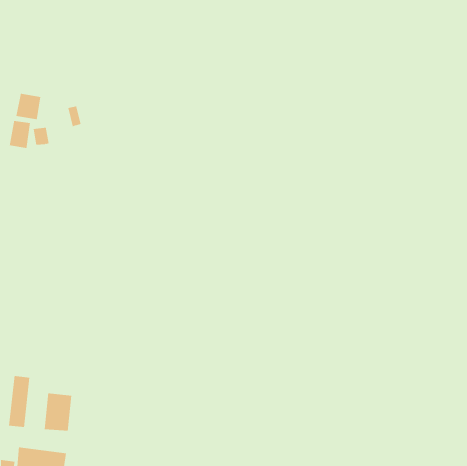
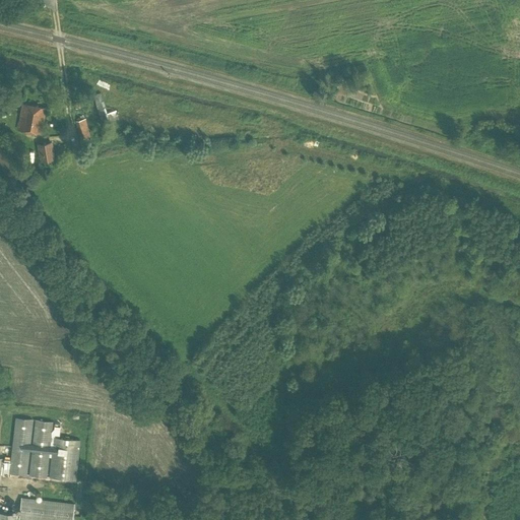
building: [9,120,31,149] -> none
building: none -> [28,421,53,478]

